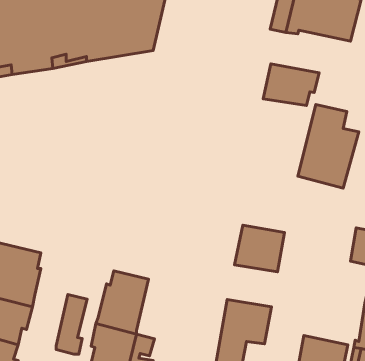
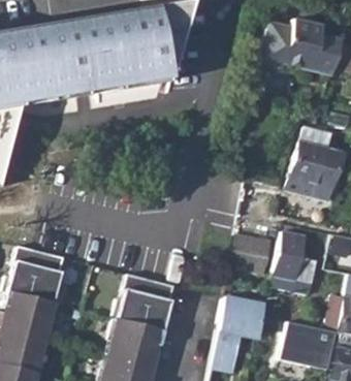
building: [263,64,319,106] -> none
building: none -> [274,232,317,292]
building: [56,294,87,354] -> [148,279,174,330]

